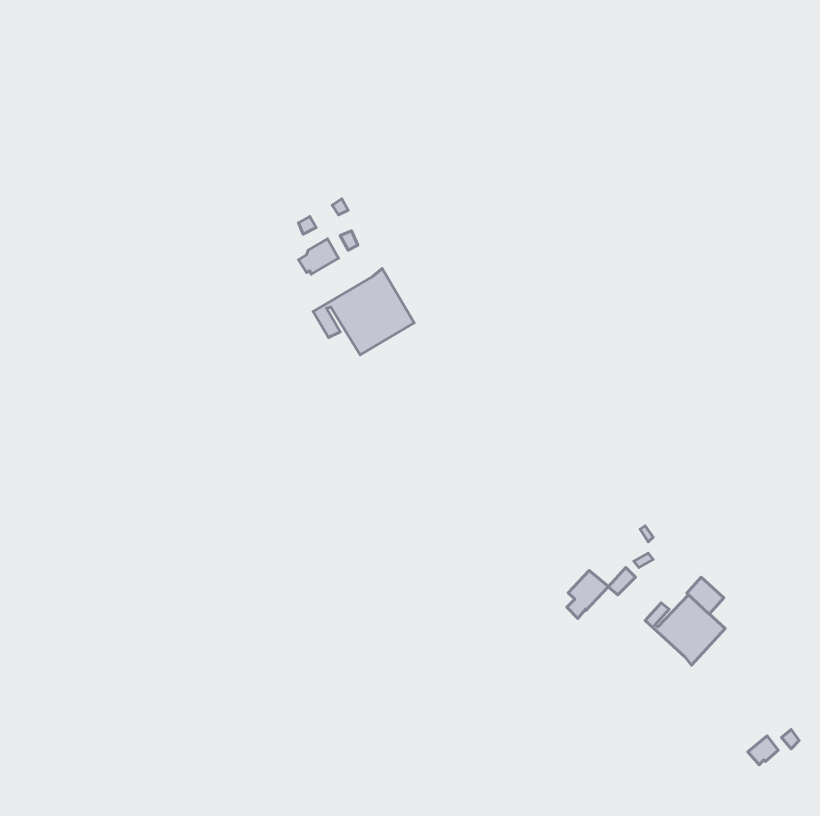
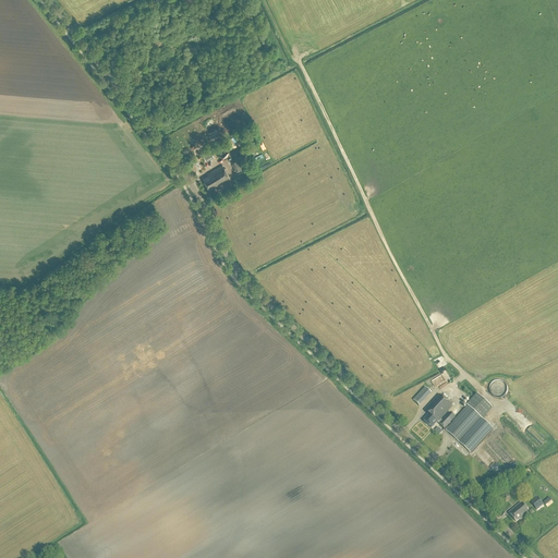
building: [313,269,414,355] -> none
building: [567,570,608,619] -> [423,393,451,426]

